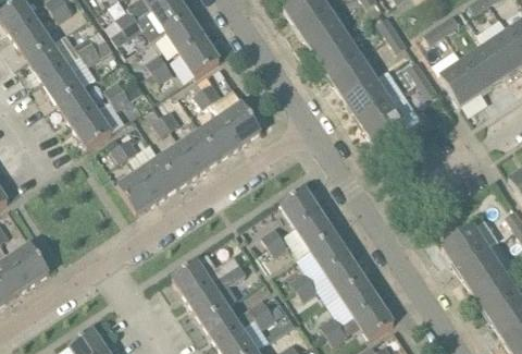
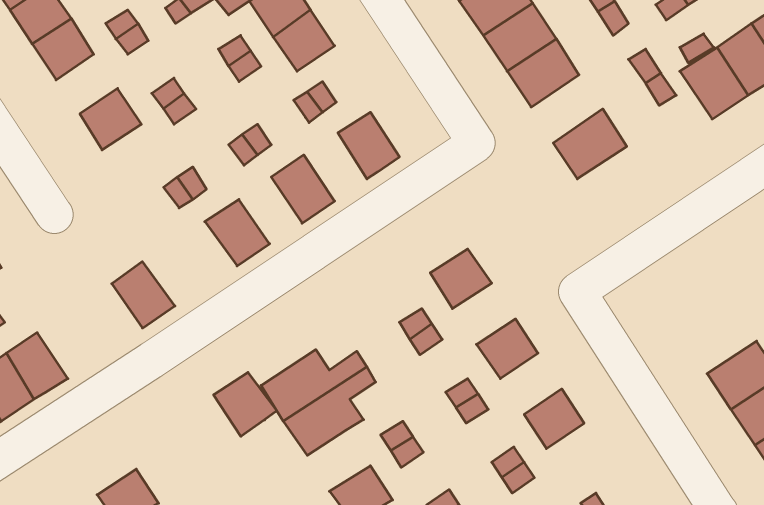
building: [42,64,82,102] -> none
building: [345,77,390,121] -> none
building: [72,109,111,147] -> none
building: [200,114,240,158] -> none
building: [159,143,199,185] -> none
building: [117,171,158,213] -> [112,262,175,328]
building: [295,210,335,249] -> none
building: [442,224,488,268] -> none
building: [325,255,364,294] -> none
building: none -> [214,372,277,436]
building: [355,300,394,339] -> none
building: [202,304,243,343] -> none

